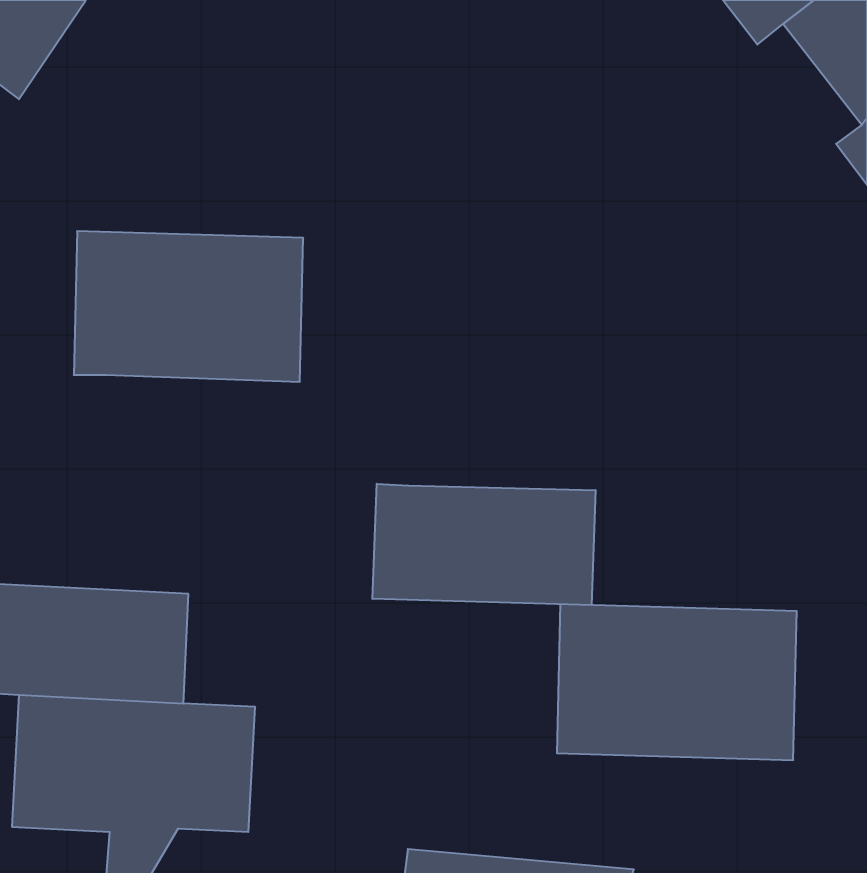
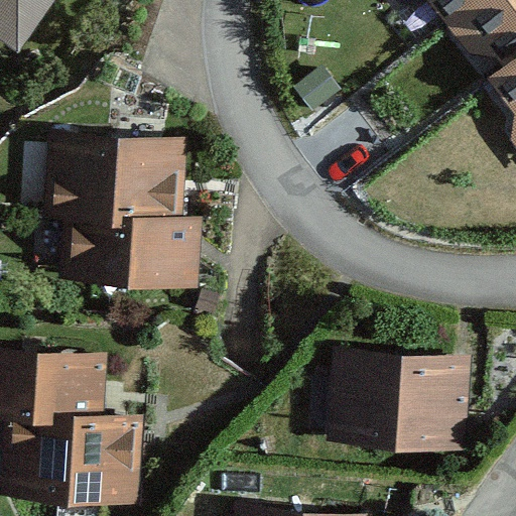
building: none -> [60,222,203,295]
building: [372,484,596,605] -> none

